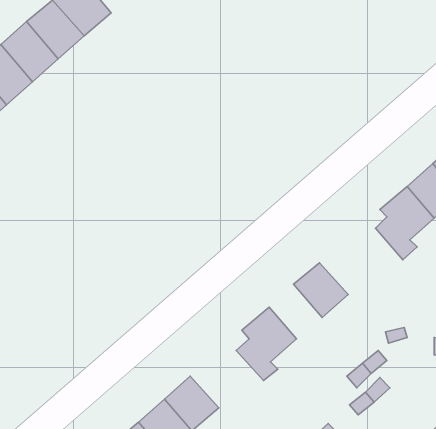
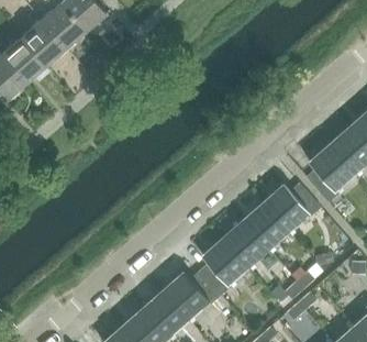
building: none -> [265,183,321,228]
building: none -> [226,220,267,262]
building: none -> [166,271,222,315]

